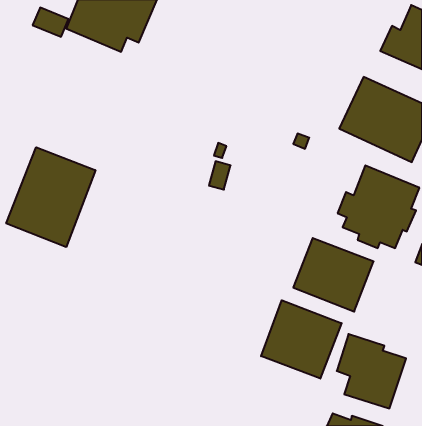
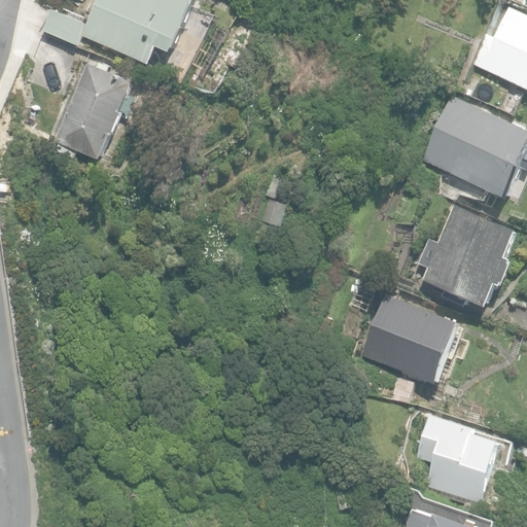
building: none -> [54,61,133,160]
building: [6,147,95,247] -> none
building: [261,300,342,379] -> none

